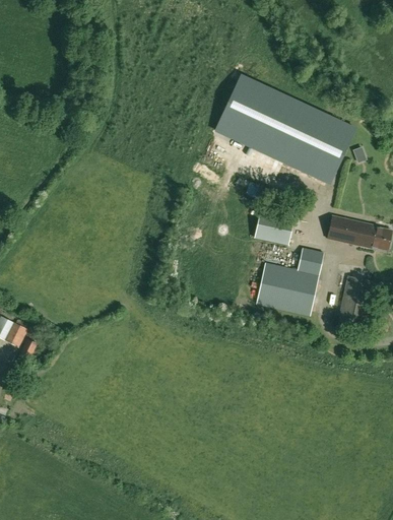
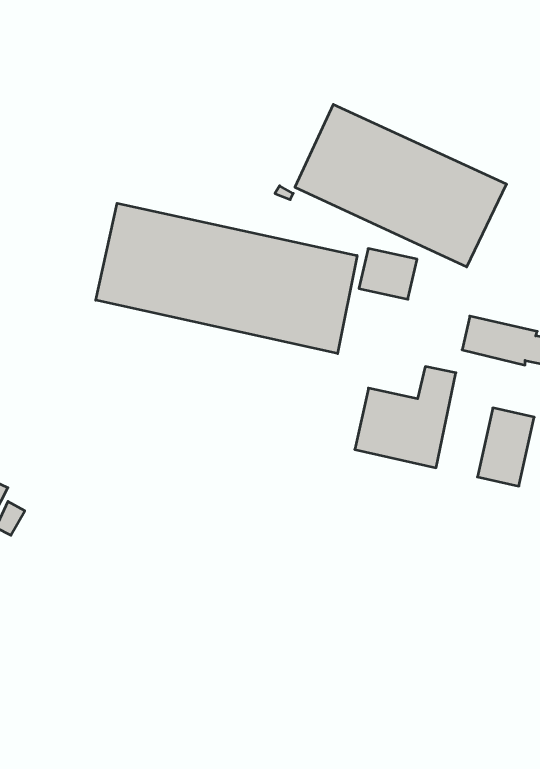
building: none -> [96,203,357,354]
building: [255,211,293,245] -> [359,249,417,299]

